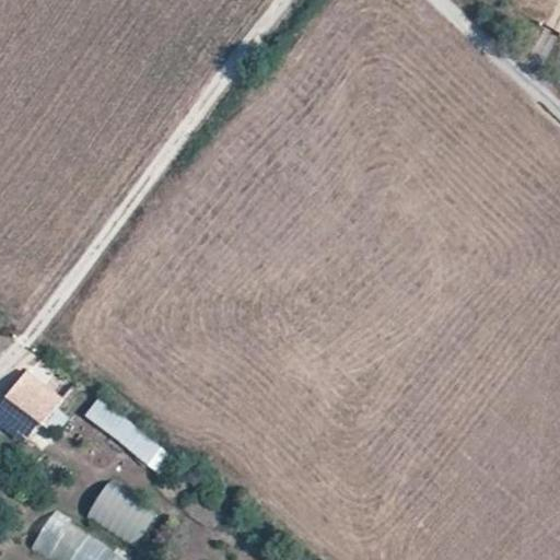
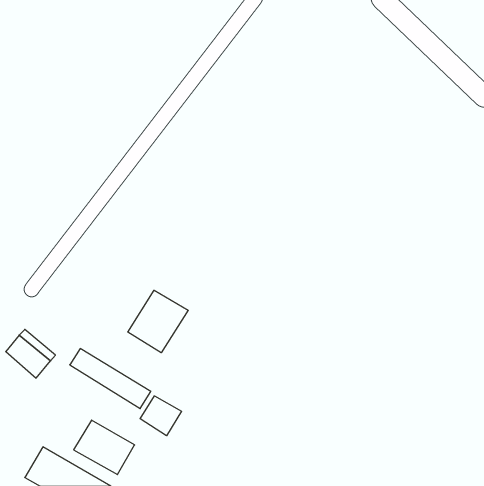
building: none -> [128,290,188,353]
building: none -> [140,396,182,436]

